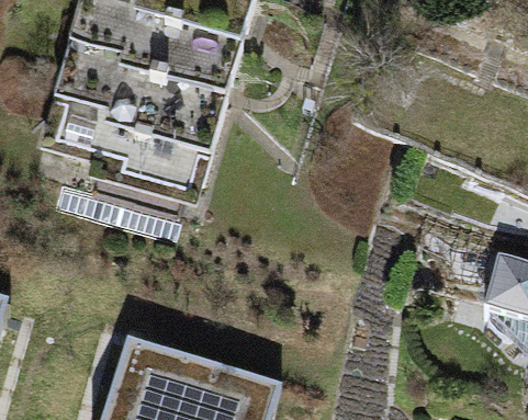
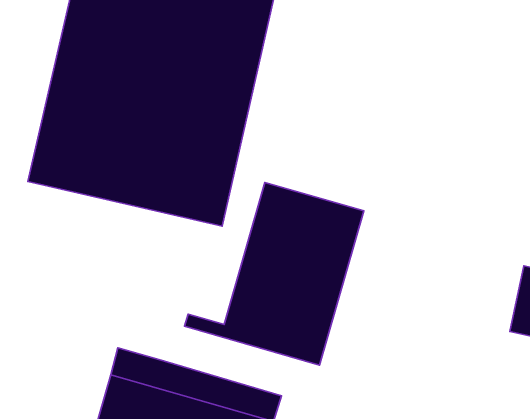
building: none -> [184,182,364,365]

